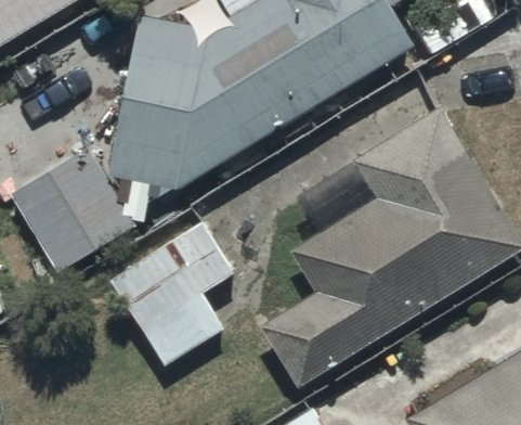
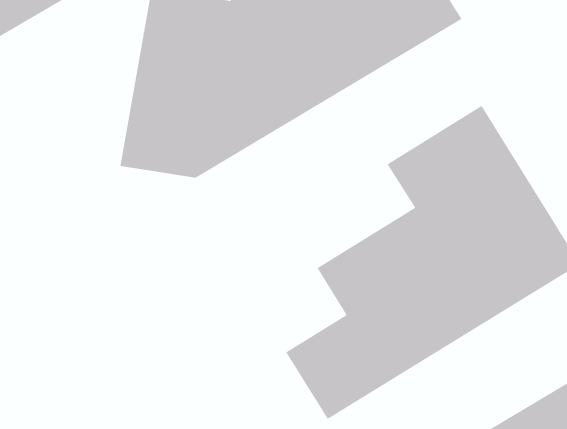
building: [9,137,139,268] -> none
building: [114,220,235,364] -> none

